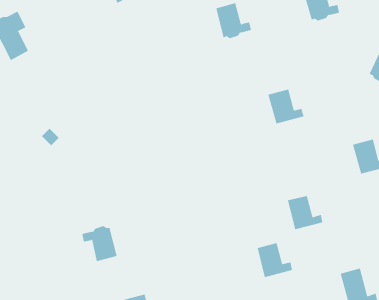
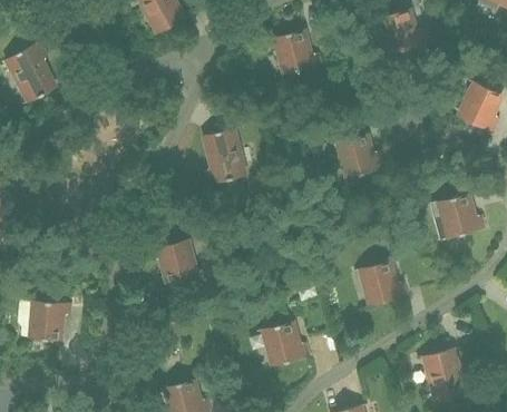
building: none -> [204,129,242,184]
building: [81,226,118,262] -> [150,239,194,283]
building: none -> [32,300,71,341]
building: [257,242,293,278] -> [265,323,309,365]

